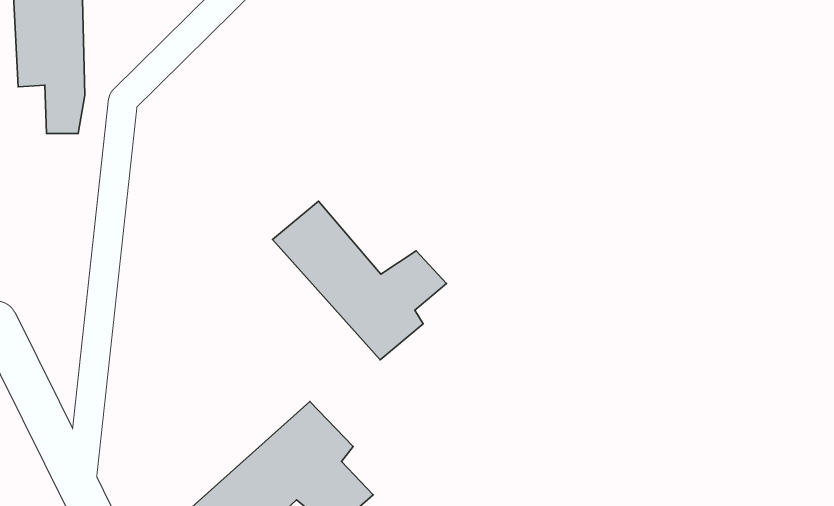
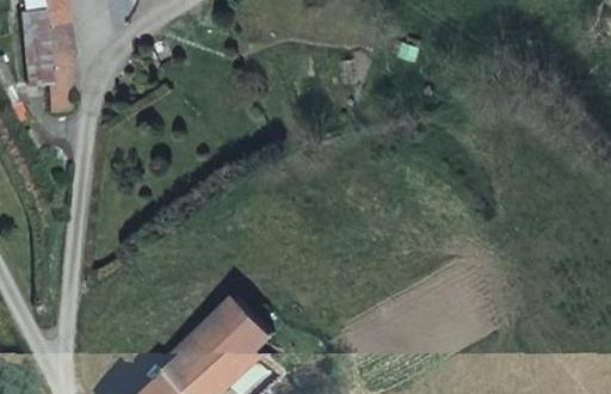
building: [272,201,446,360] -> none

